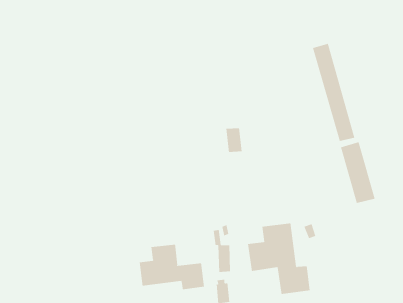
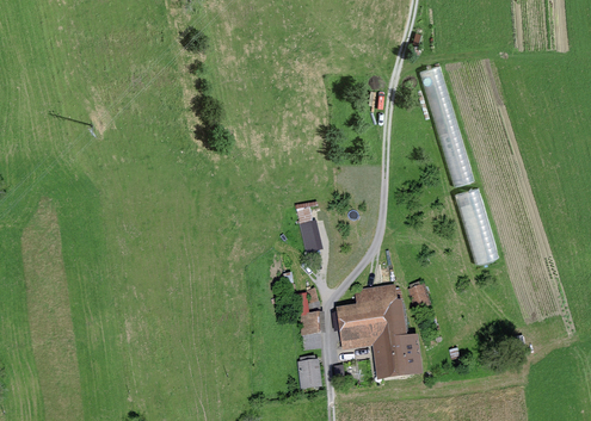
building: [225,128,243,153] -> [301,221,322,252]
building: [139,244,205,290] -> none

